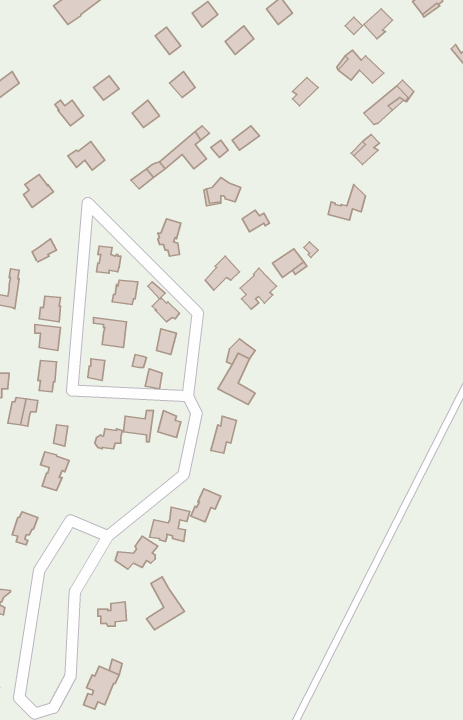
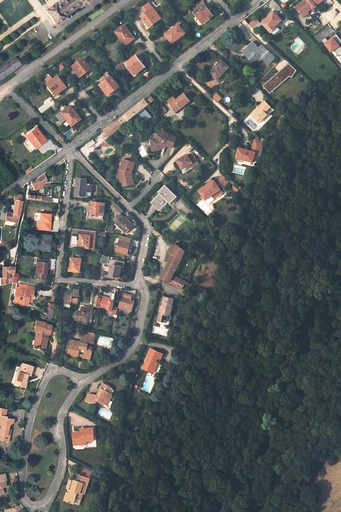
building: [240,268,276,309] -> none
building: [150,507,190,541] -> [68,333,96,357]
building: [147,577,185,630] -> none

